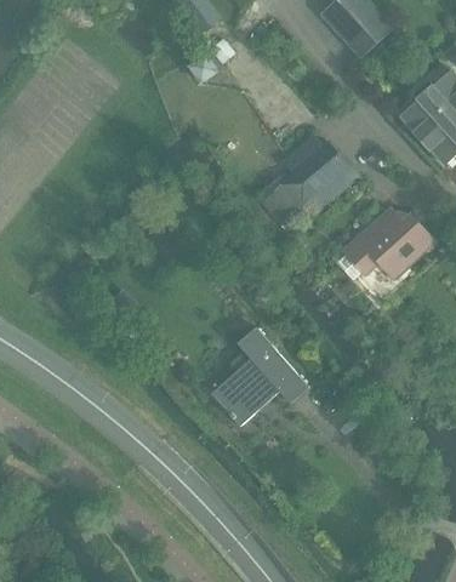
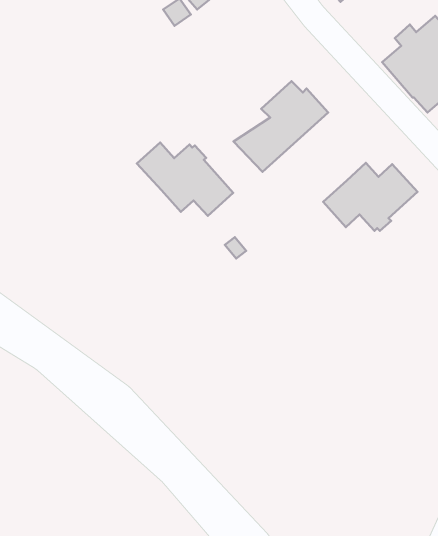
building: none -> [137,142,233,216]
building: [211,327,309,426] -> none

